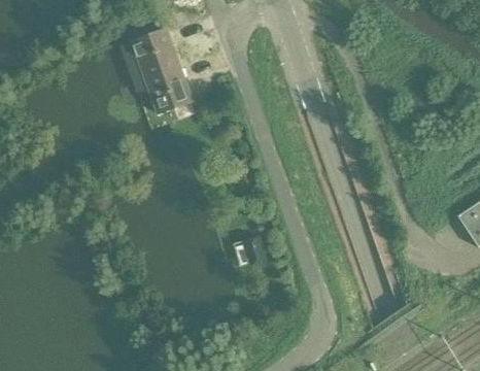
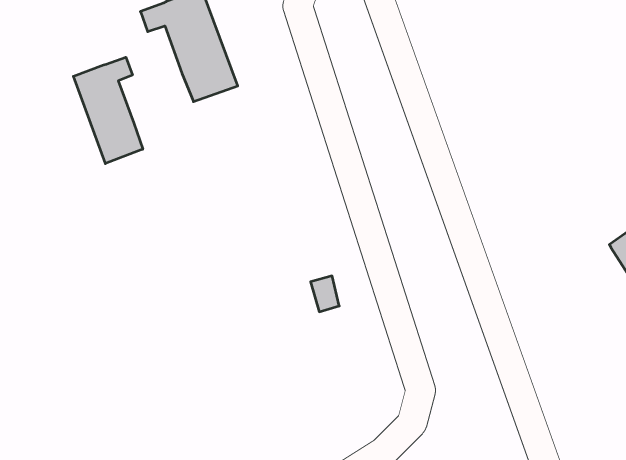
building: none -> [73,57,143,164]

